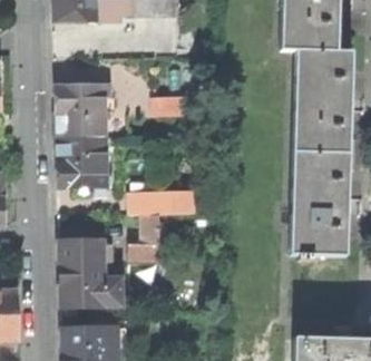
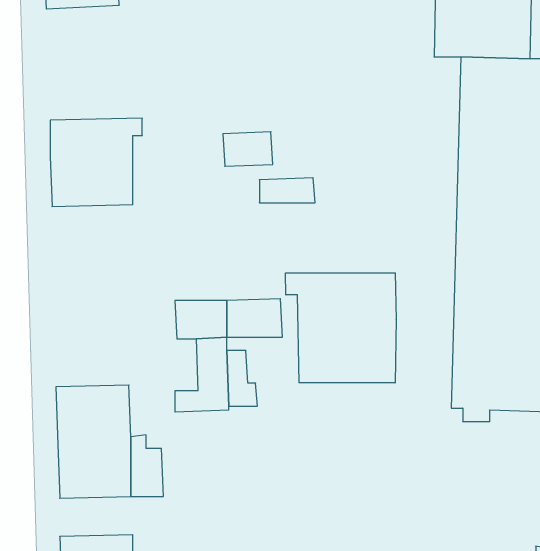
building: [58,136,113,187] -> none
building: none -> [286,273,396,383]

